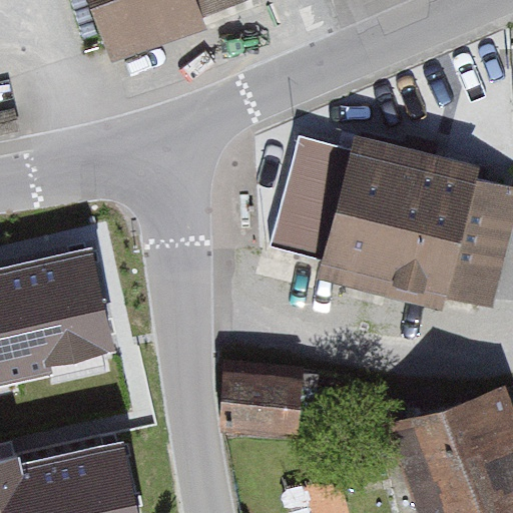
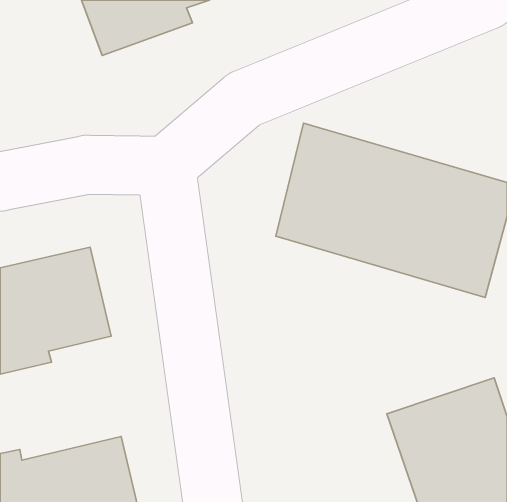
building: [224,367,304,436] -> none

